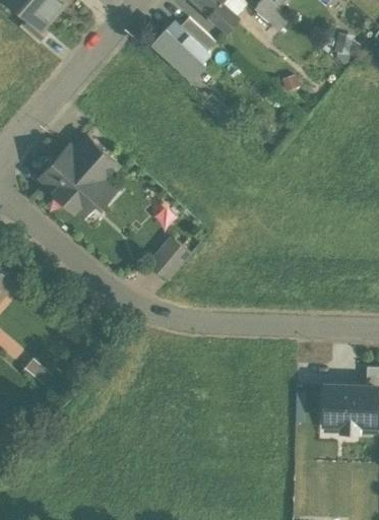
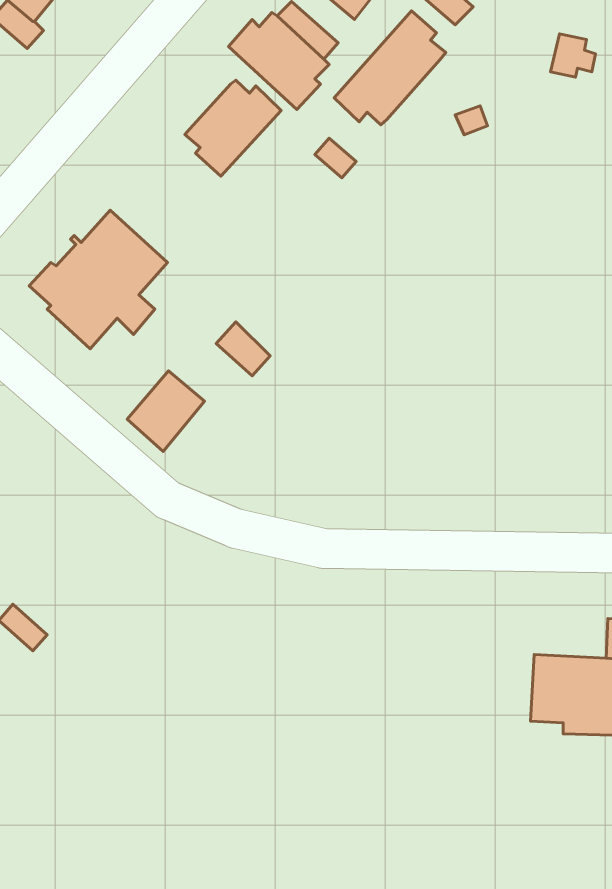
building: none -> [334,11,446,125]
building: none -> [185,80,281,176]
building: [145,236,189,281] -> [127,371,204,452]

